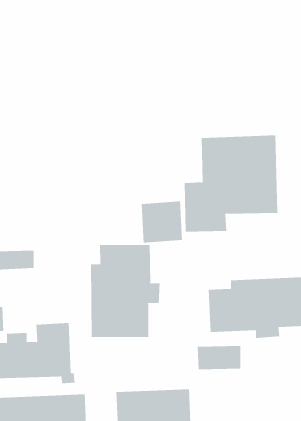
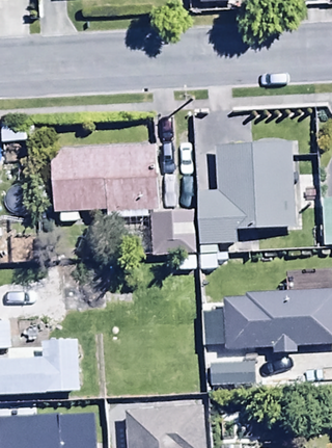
building: none -> [50,146,157,221]
building: [90,244,160,338] -> none

